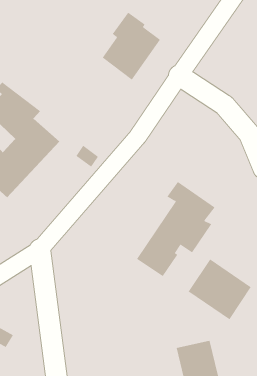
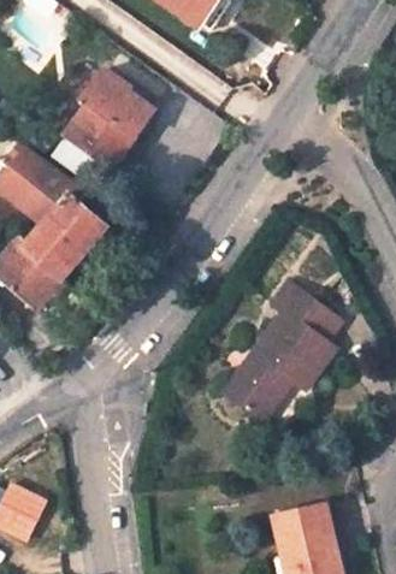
building: [102,12,161,80] -> [71,70,155,167]
building: [188,259,251,320] -> none

